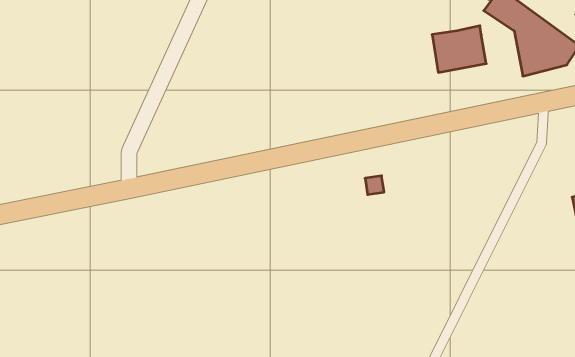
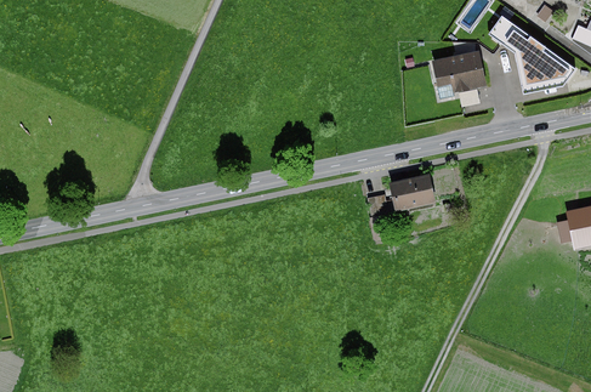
building: none -> [390,172,437,209]

